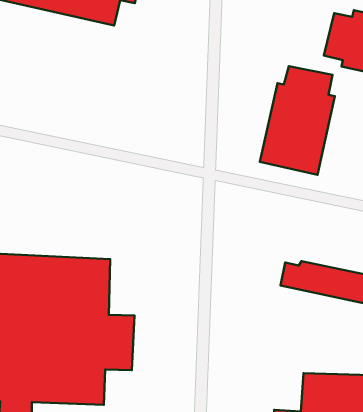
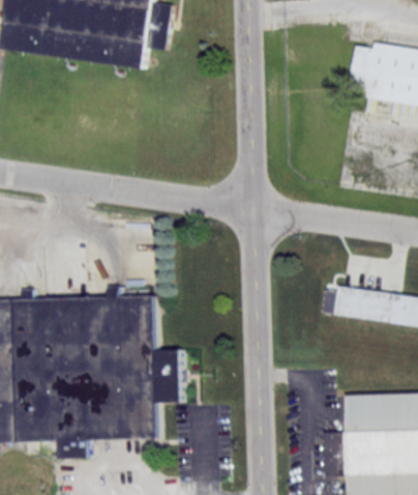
building: [260,66,335,175] -> none

